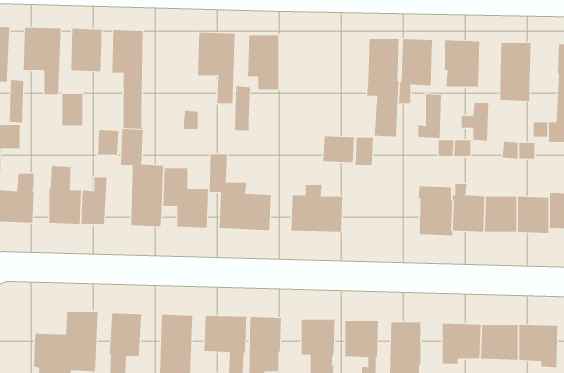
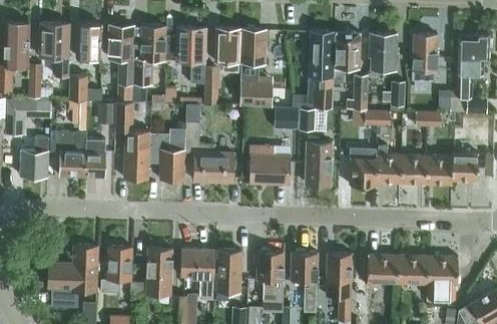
building: none -> [132,26,166,102]
building: none -> [239,29,273,106]
building: none -> [305,136,332,185]

